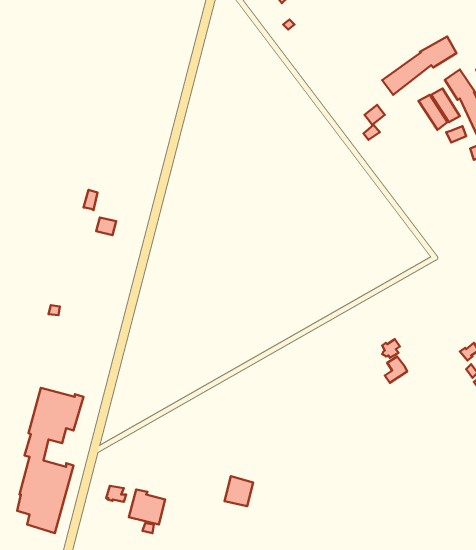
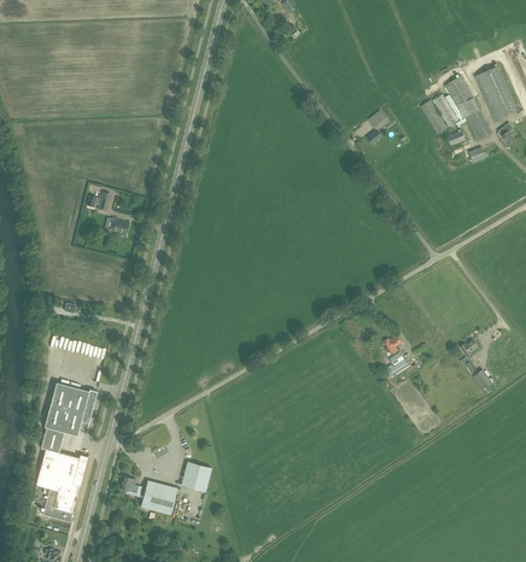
building: [382,36,457,95] -> none
building: [224,476,253,506] -> [182,462,210,491]

